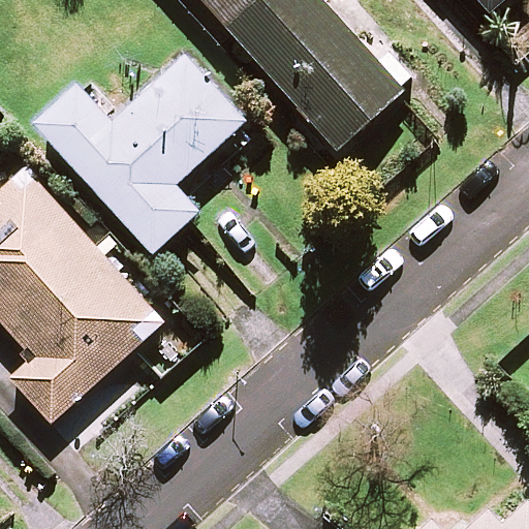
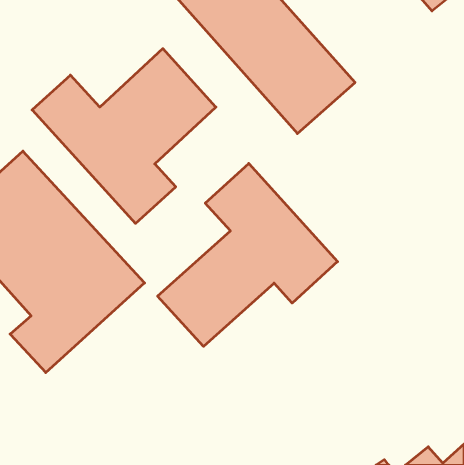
building: none -> [158,163,338,346]

